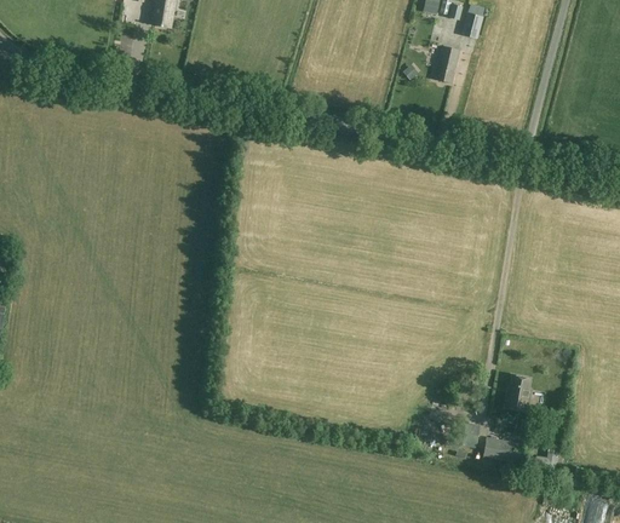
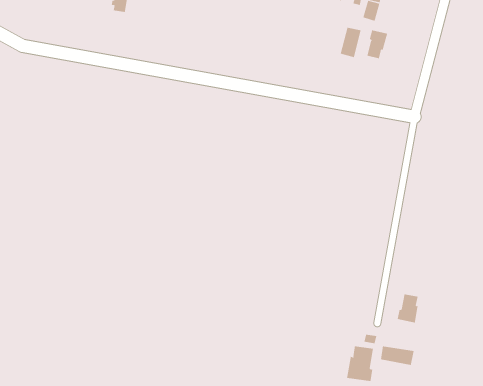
building: none -> [367,29,388,59]
building: none -> [346,345,374,382]

